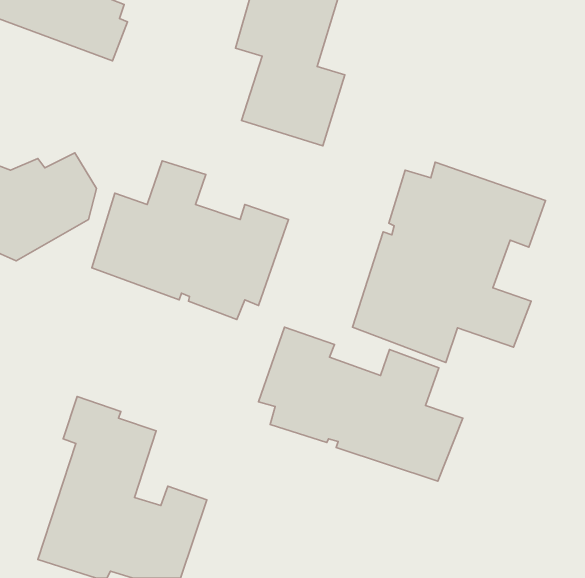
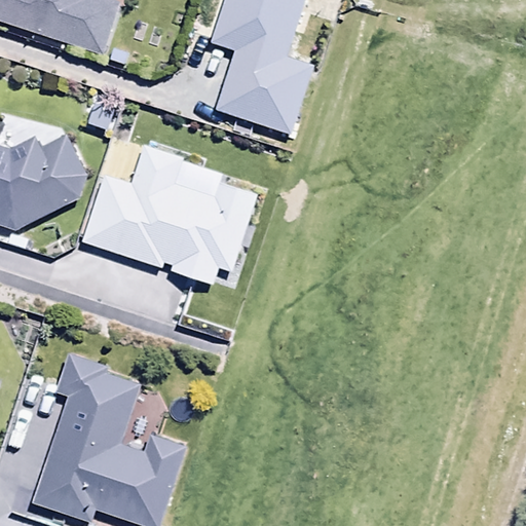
building: [353,162,545,363] -> none
building: [259,327,463,481] -> none

